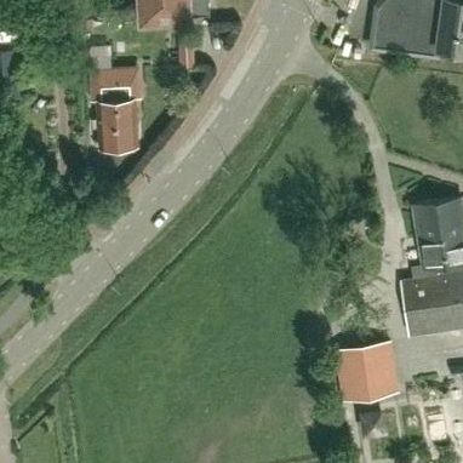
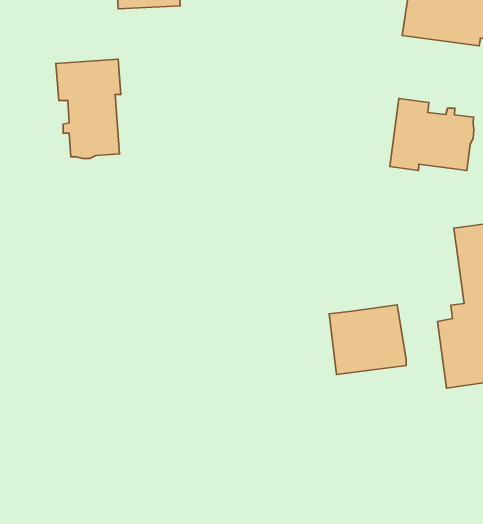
building: none -> [390,98,474,171]
building: [333,344,396,401] -> [329,305,406,374]

